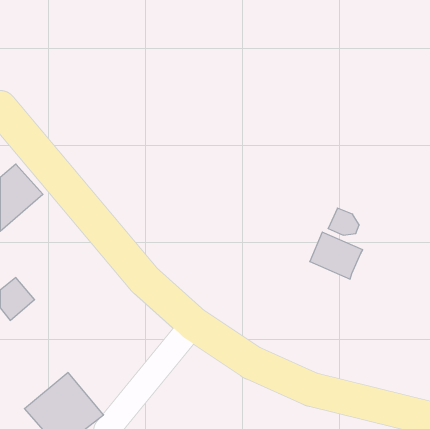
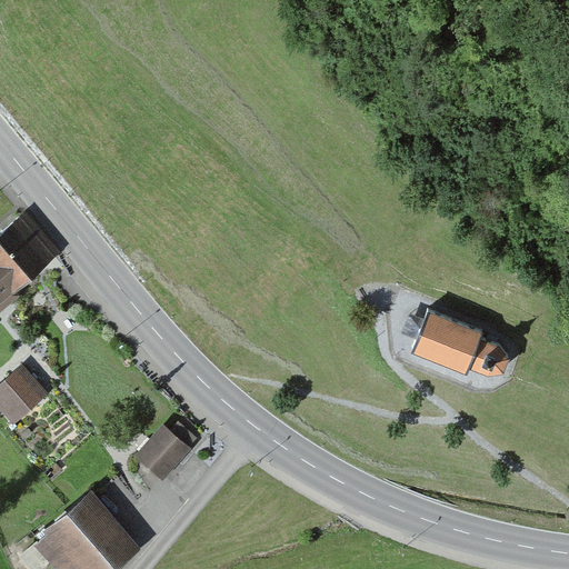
building: [328,208,359,235] -> [465,336,506,371]
building: none -> [134,427,189,481]

